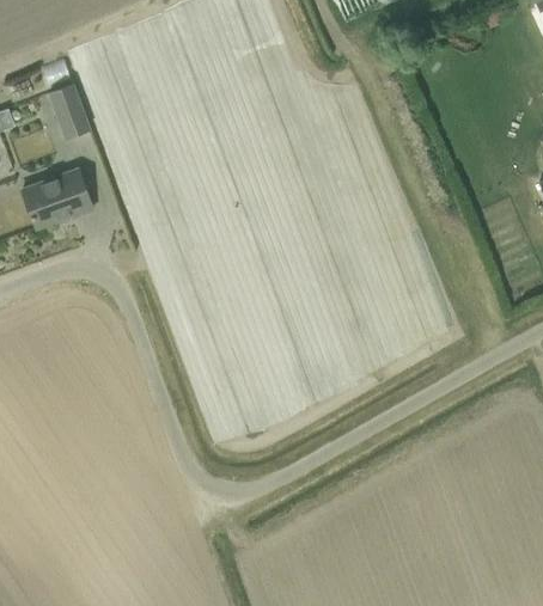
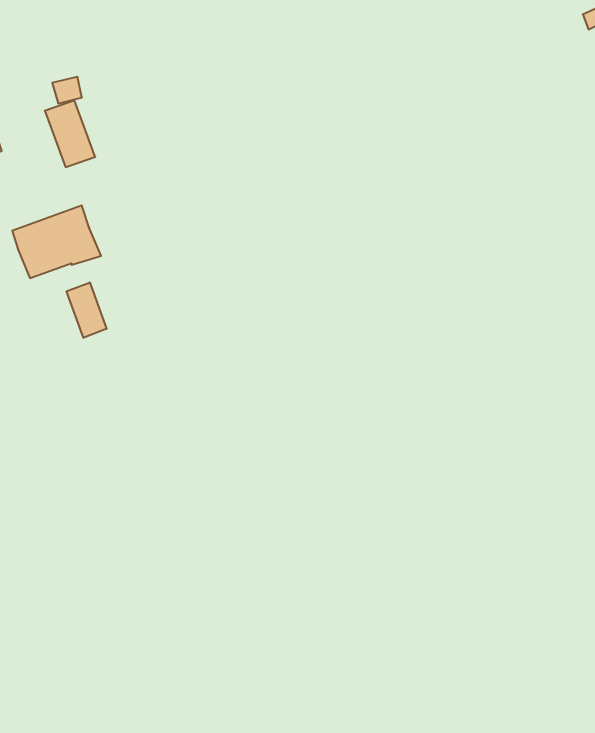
building: none -> [67,282,107,338]

